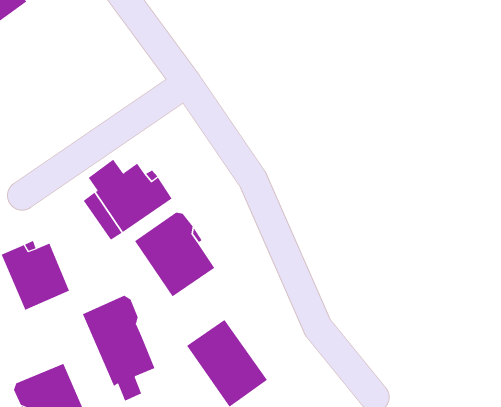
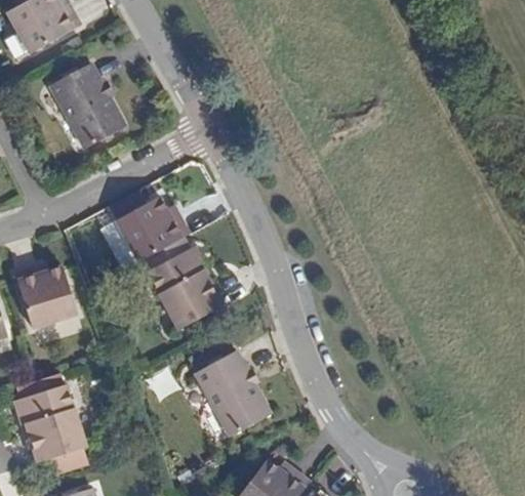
building: none -> [48,64,124,150]
building: [82,295,155,401] -> none

